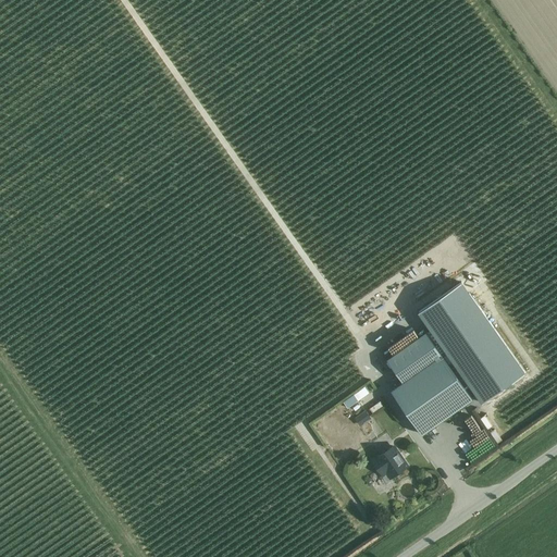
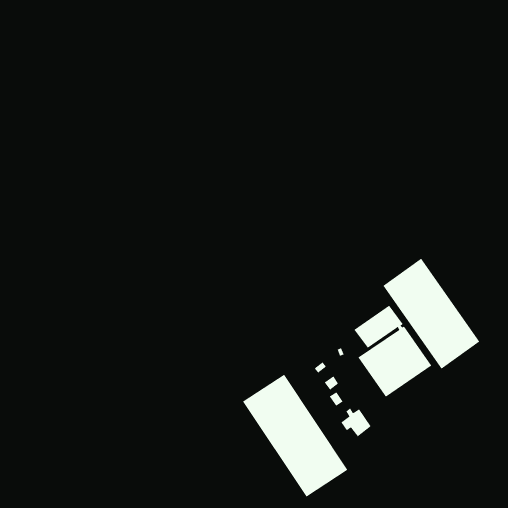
building: none -> [242,374,348,497]

